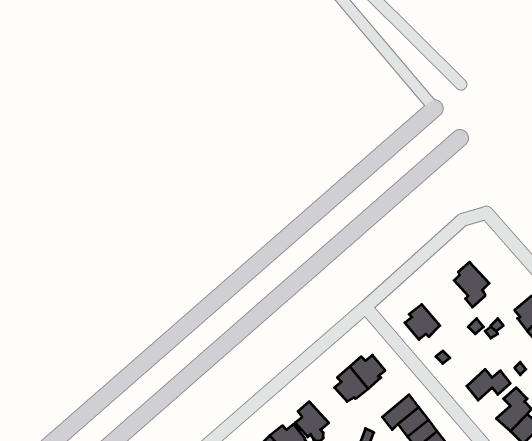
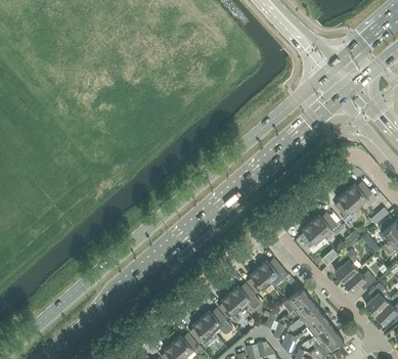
building: none -> [345,181,375,207]
building: none -> [310,214,343,237]
building: none -> [334,249,356,281]
building: none -> [228,284,261,310]

